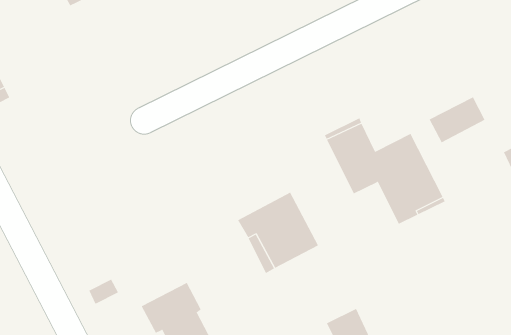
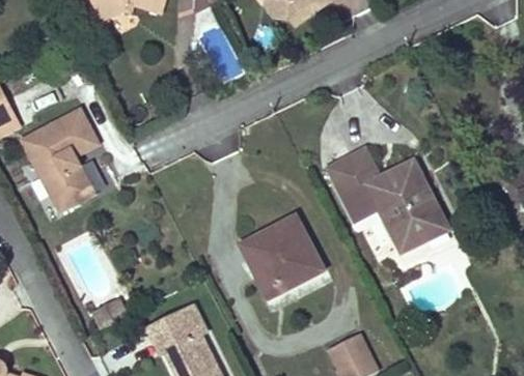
building: none -> [22,110,98,210]
building: [429,96,485,143] -> none

